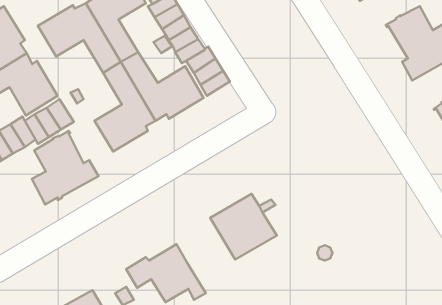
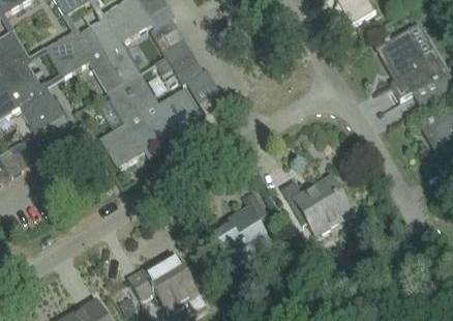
building: [32,131,98,204] -> none
building: none -> [280,178,351,236]

